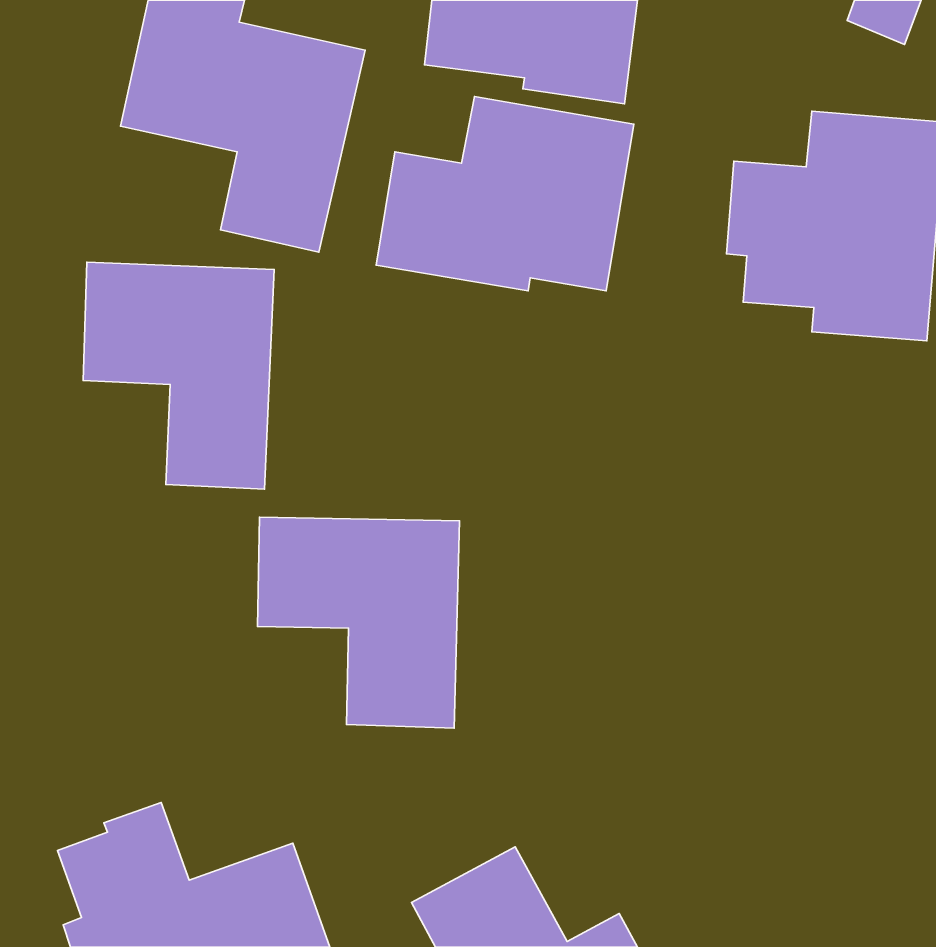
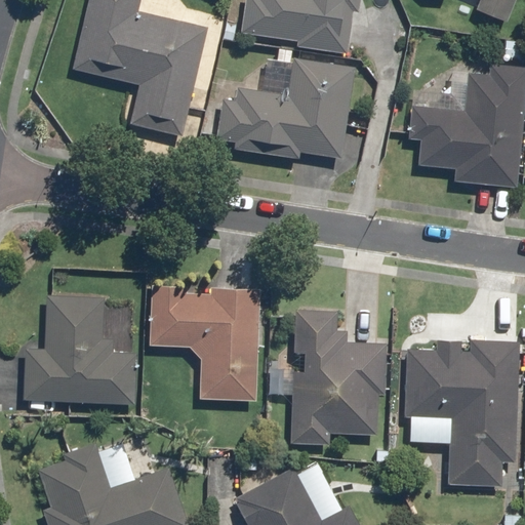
building: [83,262,274,489] -> none
building: none -> [24,295,138,405]
building: none -> [279,310,387,447]
building: none -> [403,339,519,488]

